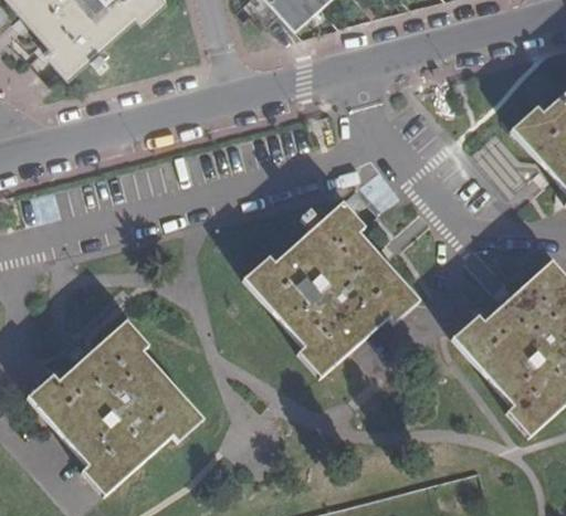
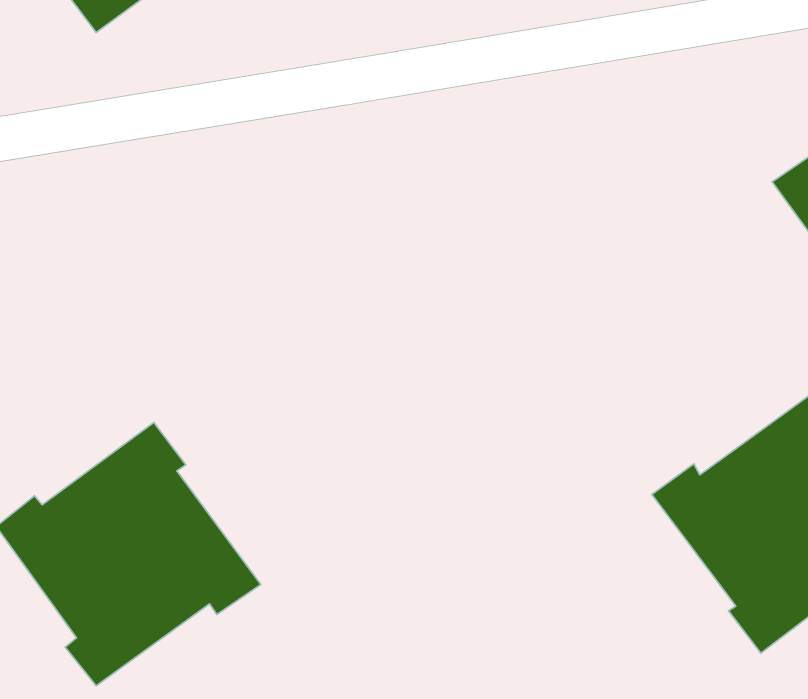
building: [245,201,419,377] -> none

